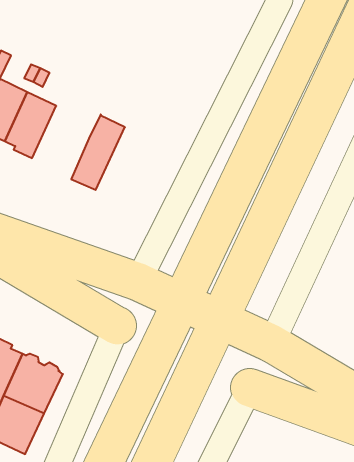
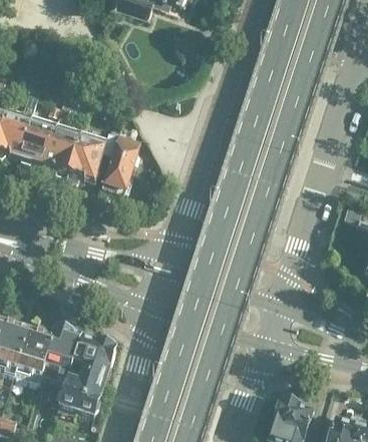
building: none -> [66,129,117,179]

